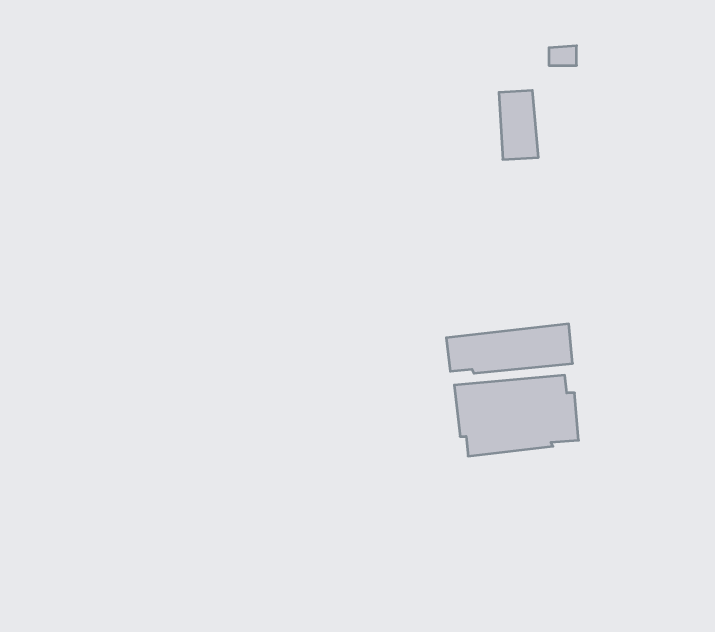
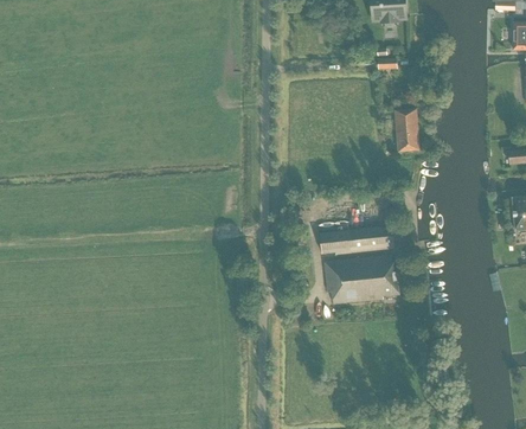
building: [499,90,538,159] -> [394,110,418,152]

